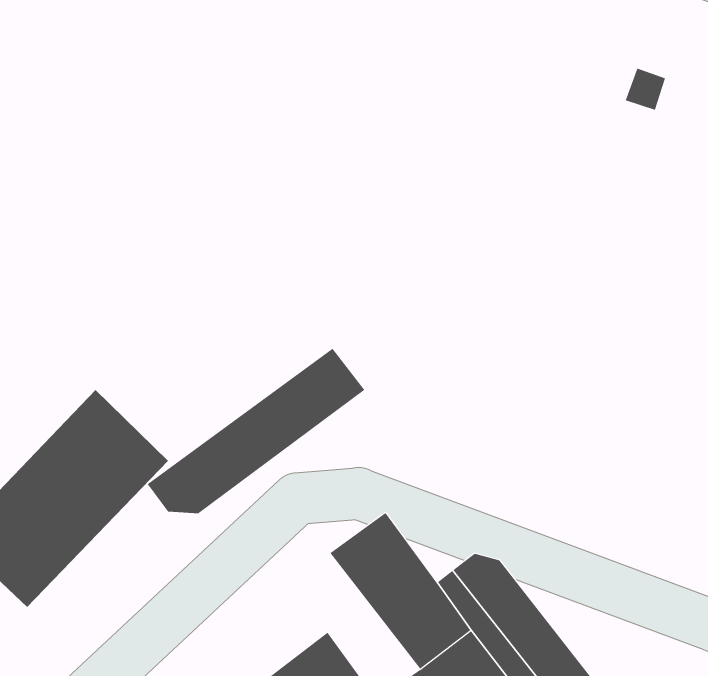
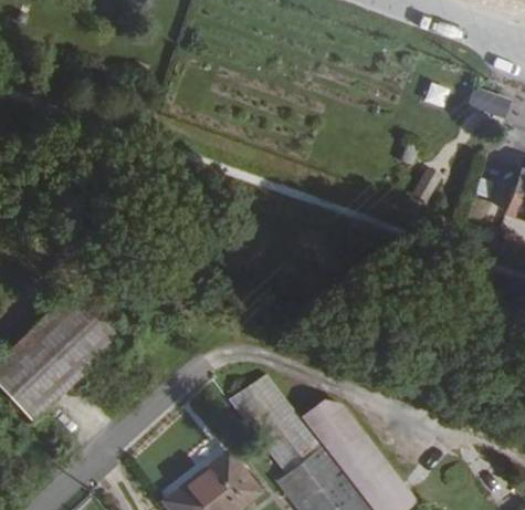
building: [147,348,365,514] -> none

